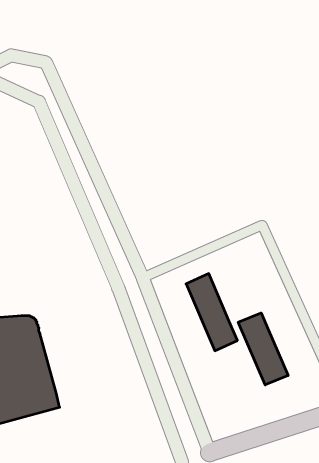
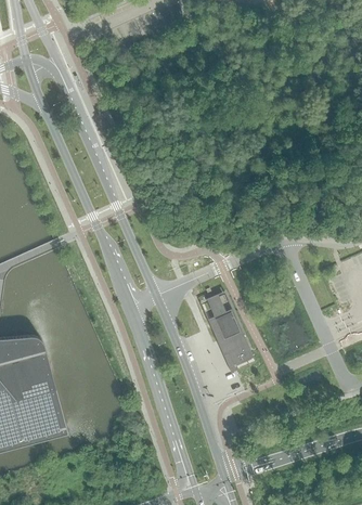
building: [238,313,288,385] -> none

